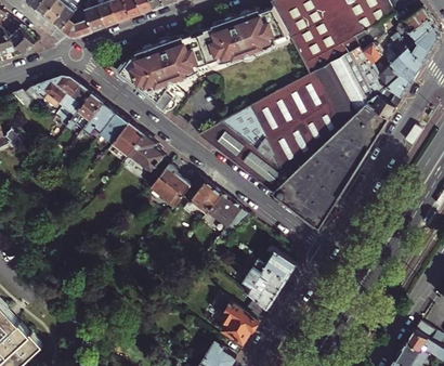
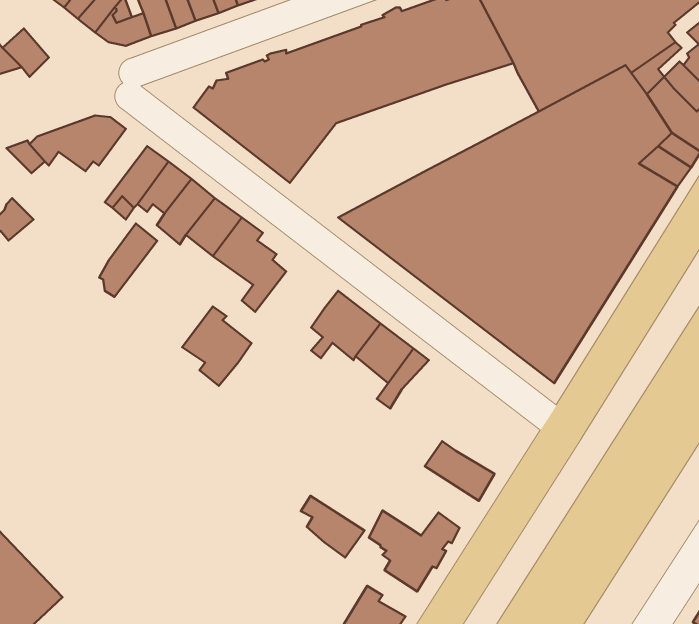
building: [57,83,90,125] -> [99,224,157,297]
building: [151,164,190,208] -> [182,307,252,386]
building: [263,245,295,277] -> none
building: [240,273,276,308] -> [301,496,365,558]

